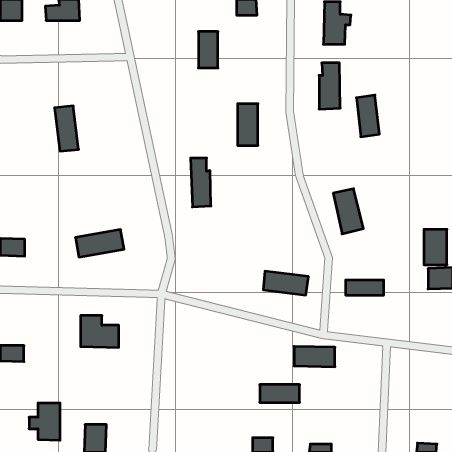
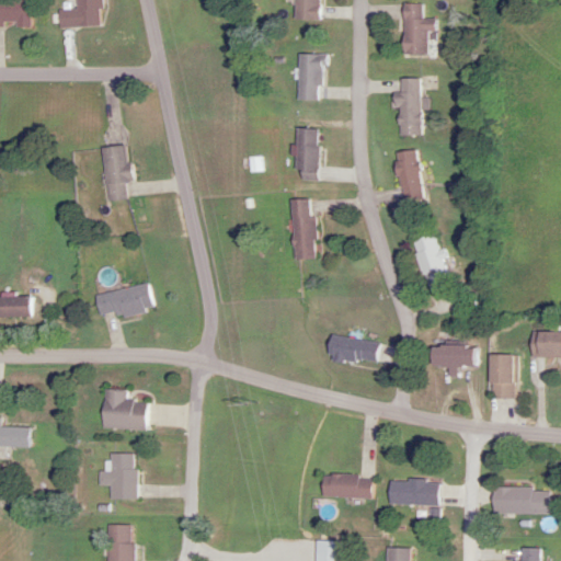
building: [198,32,218,68] -> [298,54,322,99]
building: [356,95,379,137] -> [394,149,423,201]
building: [55,106,79,151] -> [101,145,130,201]
building: [191,158,211,207] -> [290,198,316,259]
building: [424,229,447,265] -> [488,354,516,398]
building: [294,346,335,367] -> [389,480,439,505]
building: none -> [492,488,550,514]
building: [29,403,60,440] -> [98,454,136,500]

